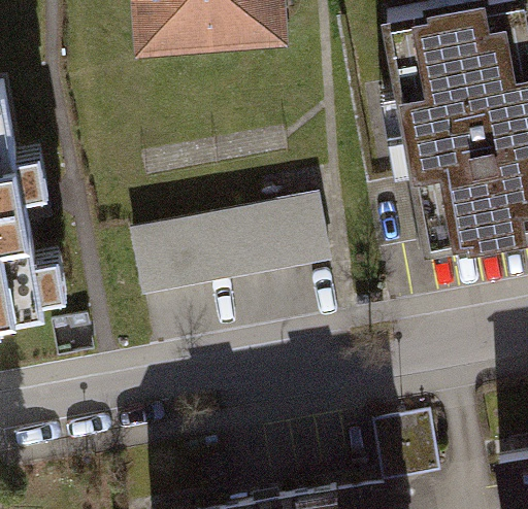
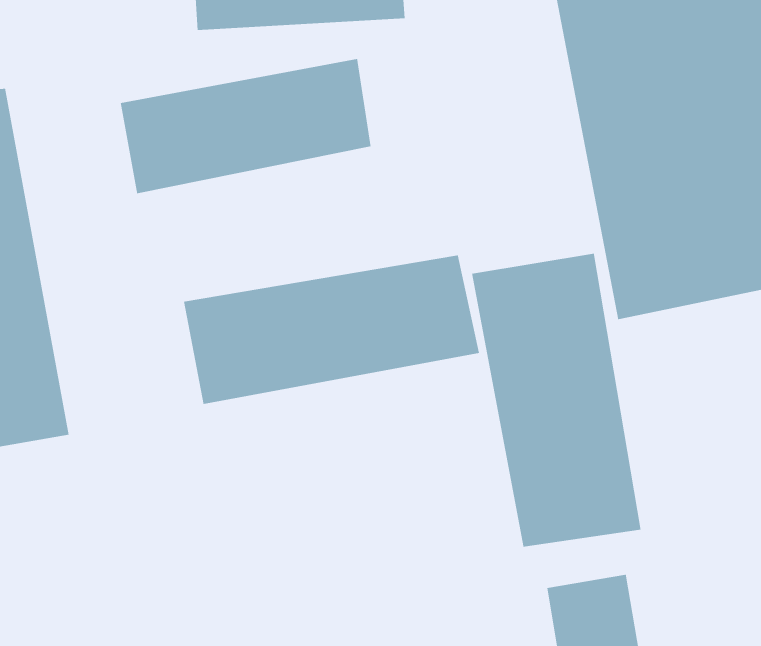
building: none -> [120,58,371,194]
building: none -> [472,253,641,547]

